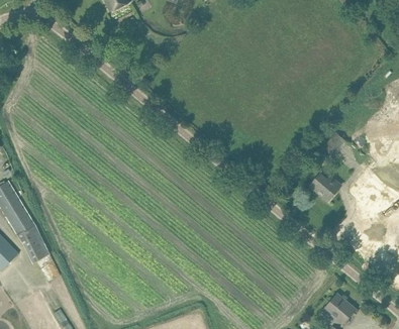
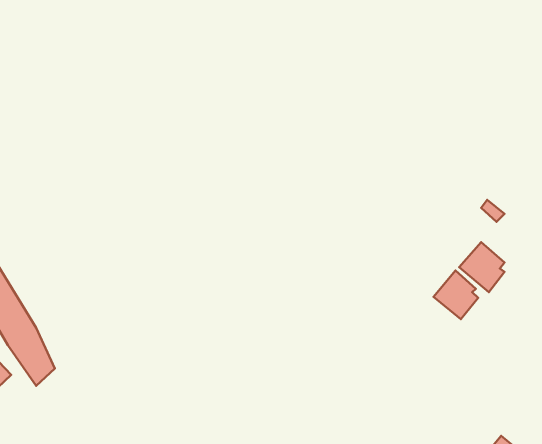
building: none -> [433,270,478,319]

